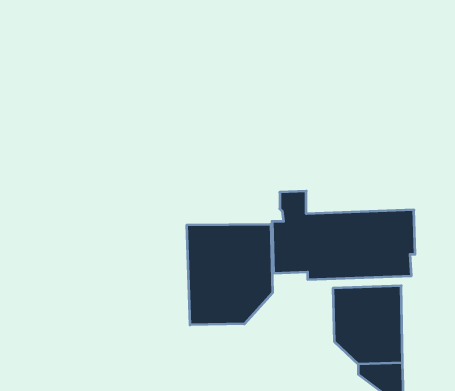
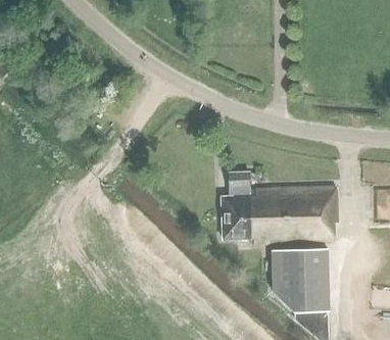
building: [187,224,272,325] -> none

